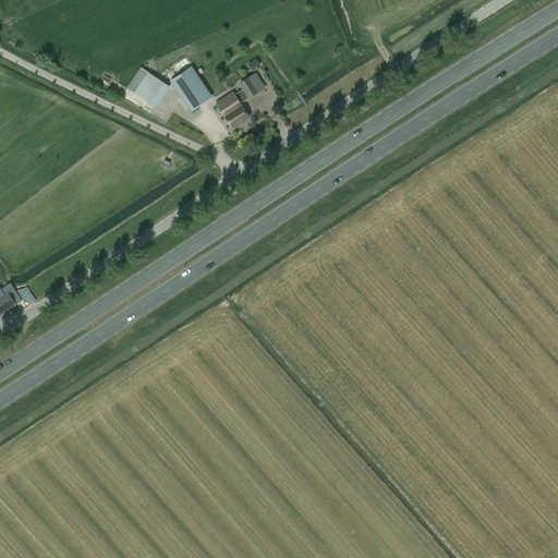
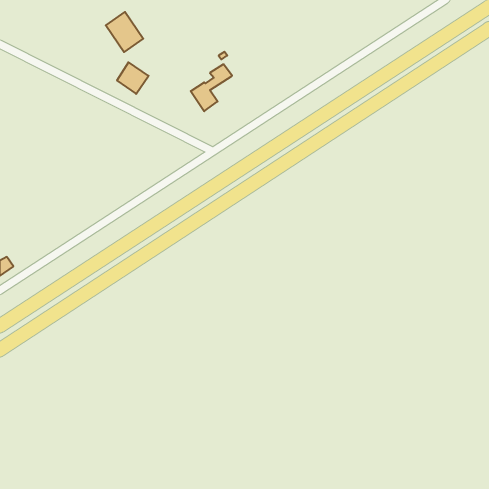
building: [169,65,211,111] -> [106,12,143,52]

